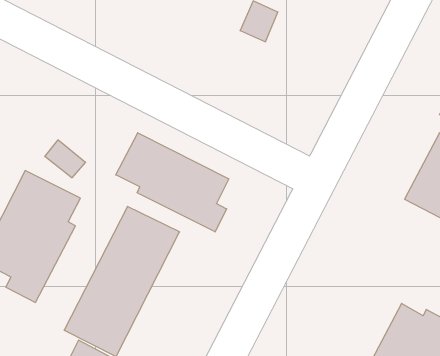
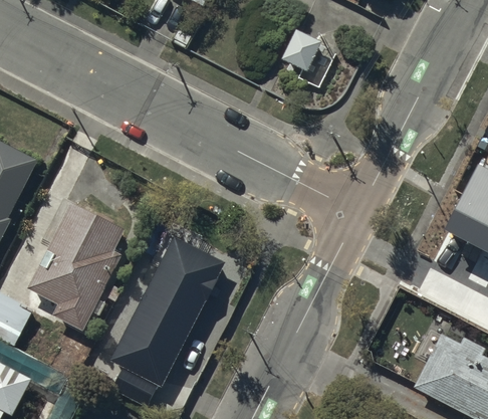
building: [116,133,229,232] -> none

